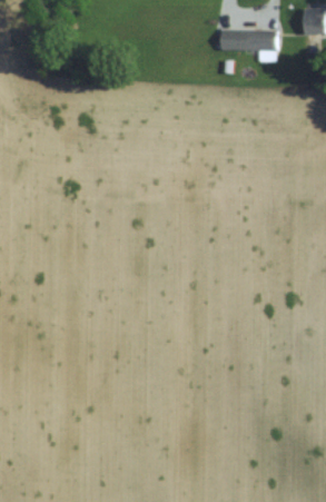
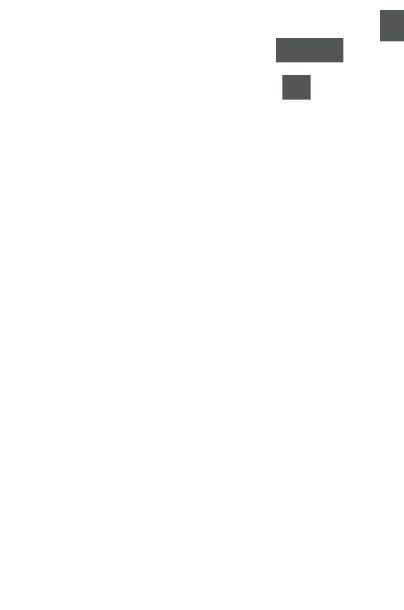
building: none -> [282,74,311,101]

